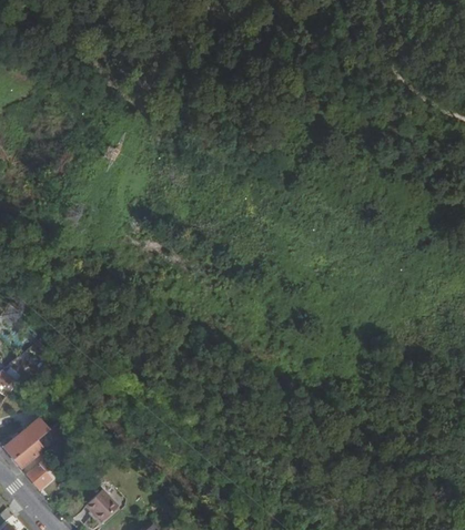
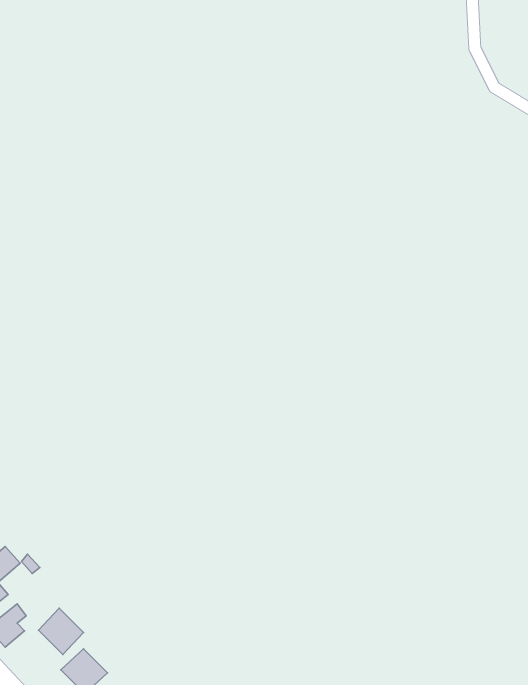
building: none -> [38,608,83,654]

